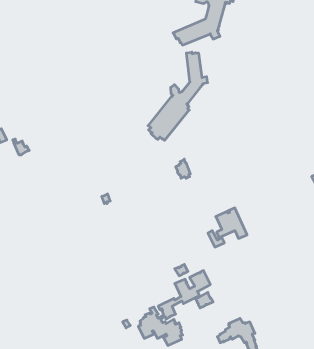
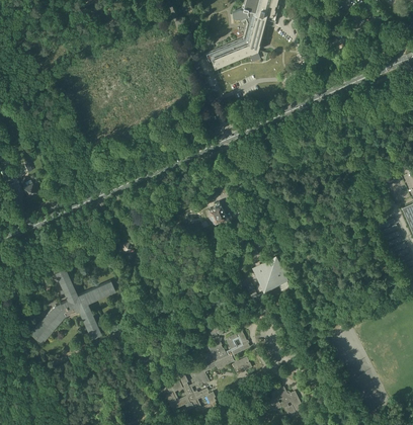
building: [148,52,208,140] -> none
building: none -> [30,268,113,342]

